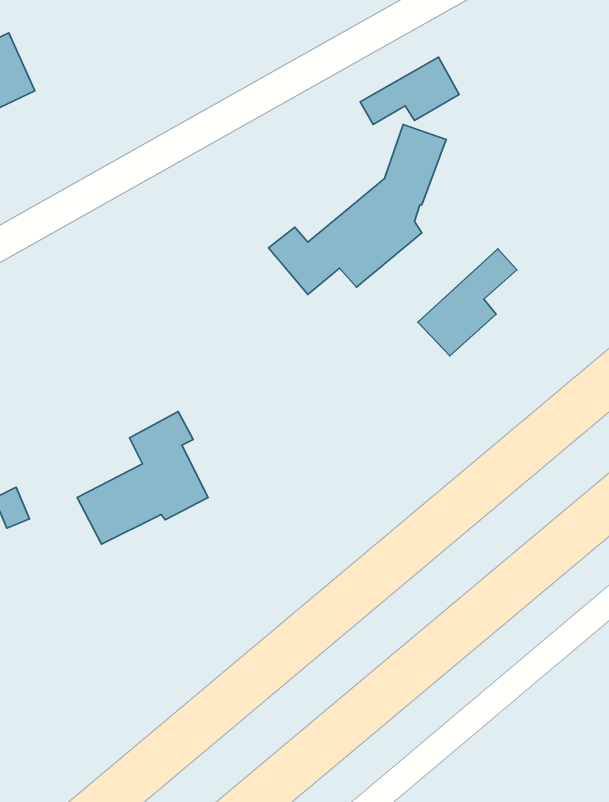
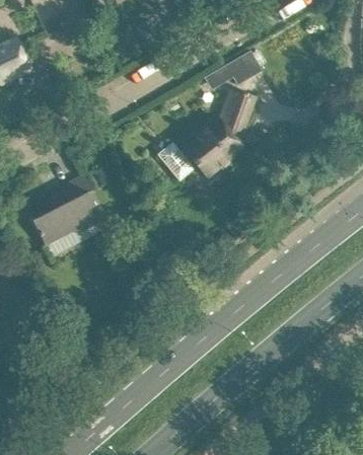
building: [418,249,517,356] -> none
building: [77,412,208,544] -> [32,172,103,244]

